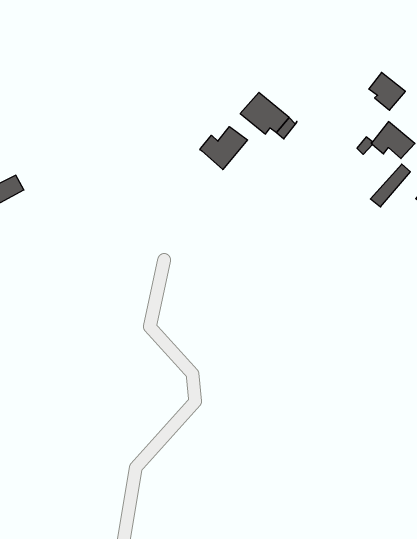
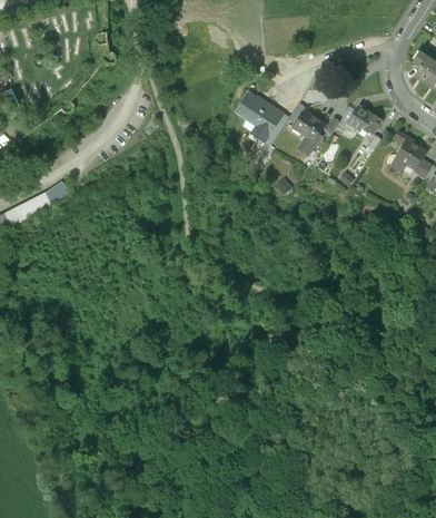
building: [369,72,405,110] -> [297,113,327,143]
building: [200,127,248,170] -> none

